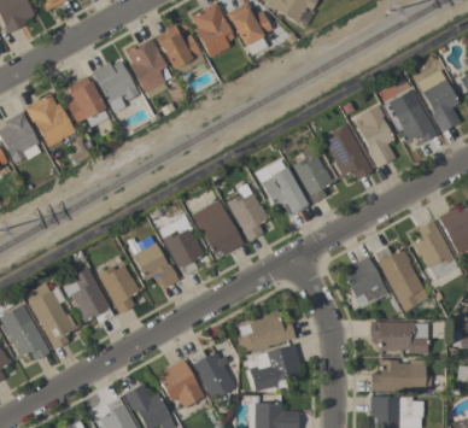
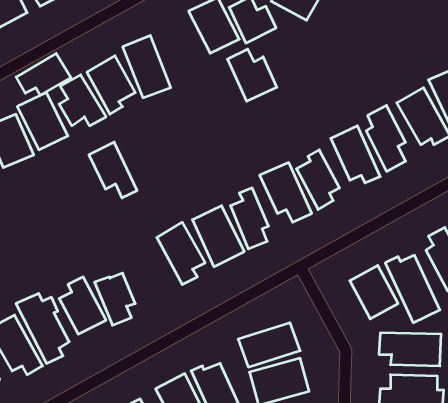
building: [158,25,205,75] -> [227,49,277,101]
building: none -> [16,53,71,95]
building: [130,235,176,288] -> [89,142,137,198]

